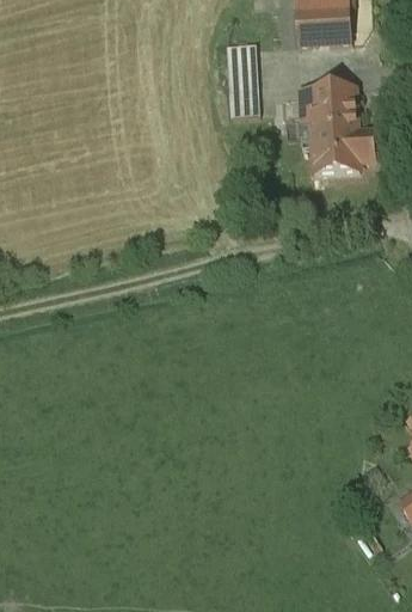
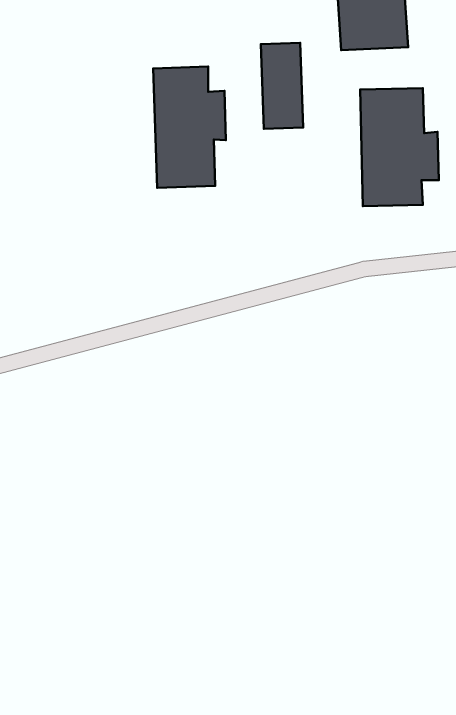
building: none -> [153,66,226,188]

